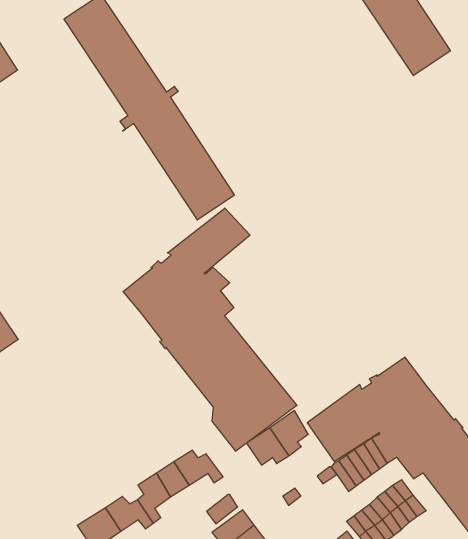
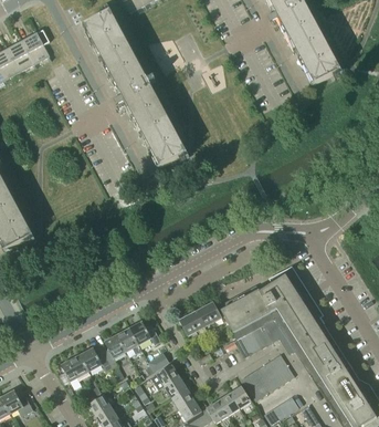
building: [123,208,297,451] -> none

